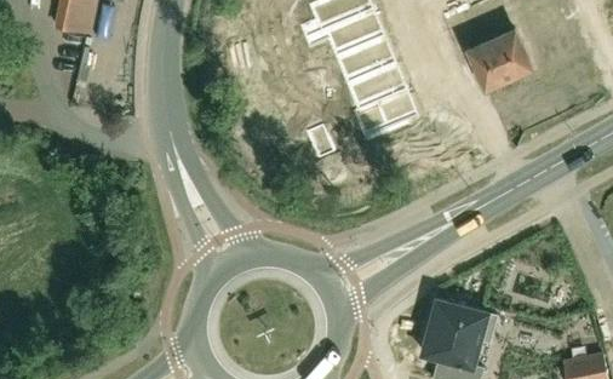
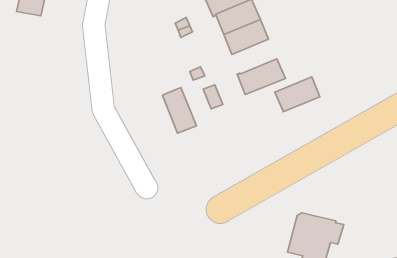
building: [465,29,528,86] -> none
building: [344,64,405,111] -> [275,77,320,112]
building: none -> [163,87,197,133]

